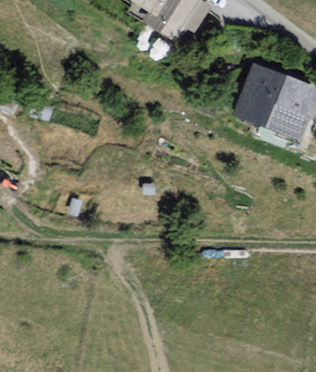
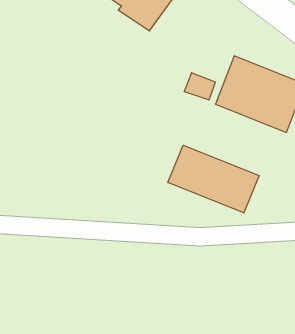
building: none -> [168,145,259,213]

